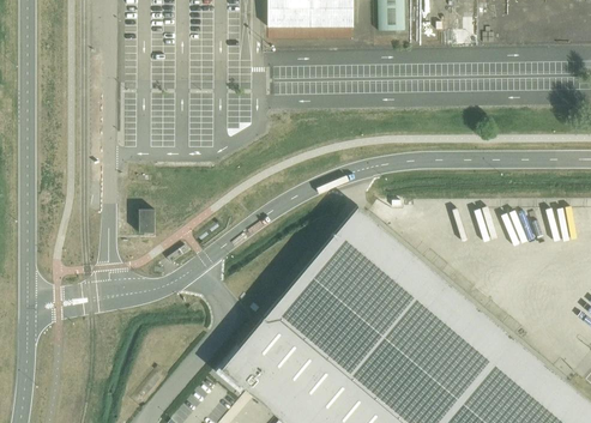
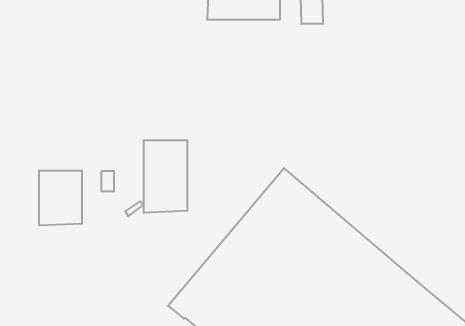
building: none -> [144,140,187,213]
building: none -> [39,170,82,225]

